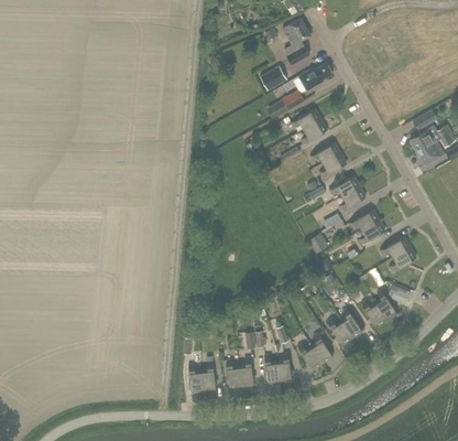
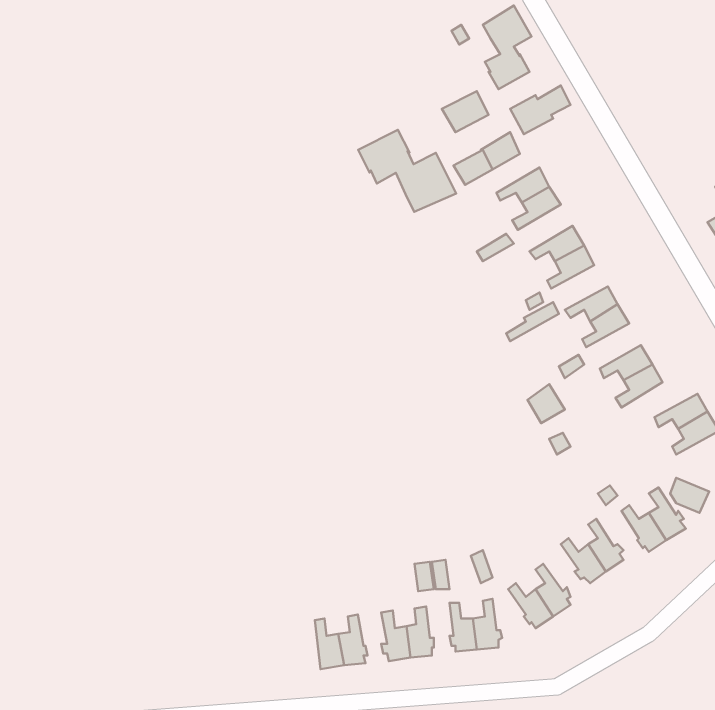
building: none -> [358,130,456,212]

